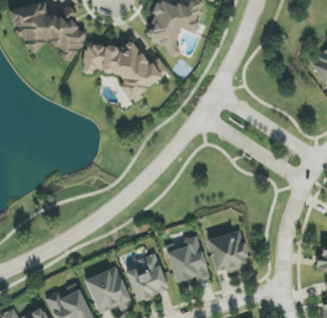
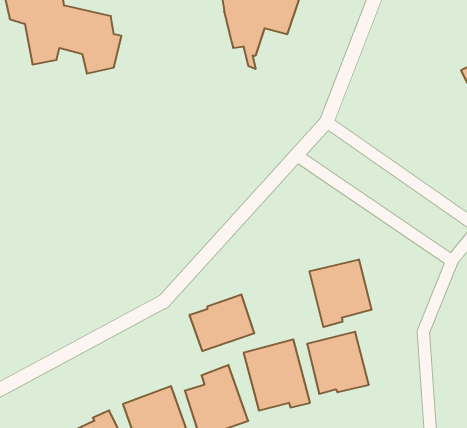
building: [82,40,169,101] -> none
building: none -> [309,259,371,327]
building: none -> [190,294,254,351]

